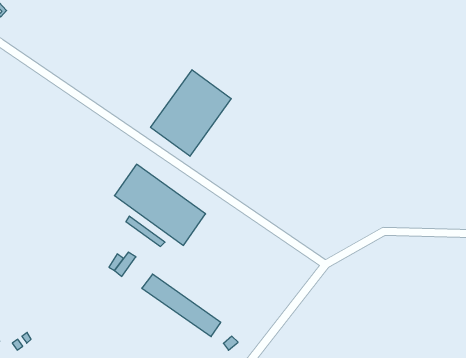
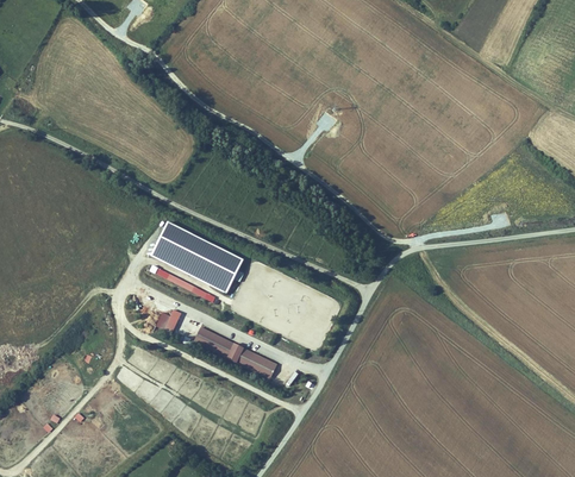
building: [151,70,231,156] -> none

